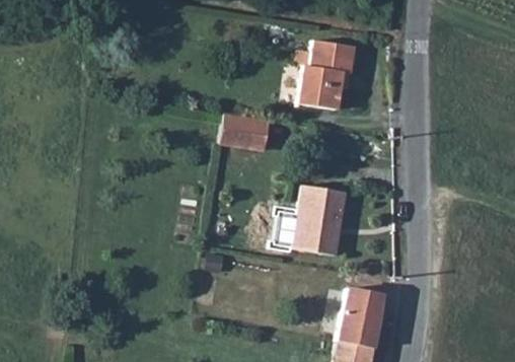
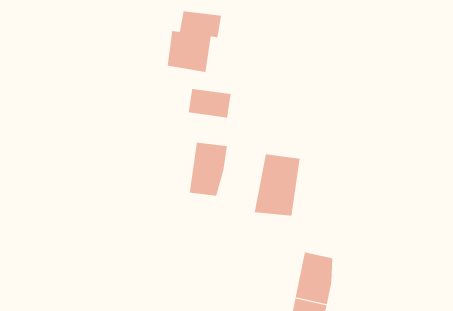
building: [298,41,358,107] -> [167,11,222,72]
building: none -> [189,142,227,196]

